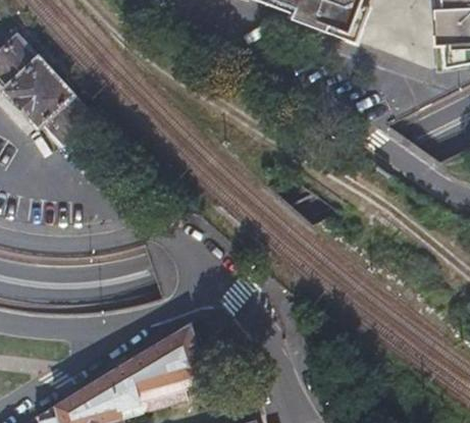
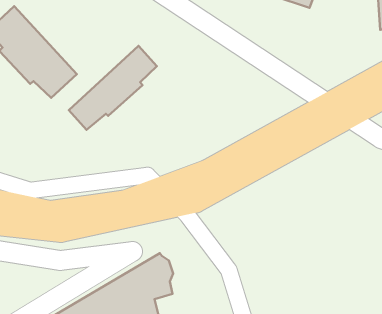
building: none -> [69,46,157,130]

